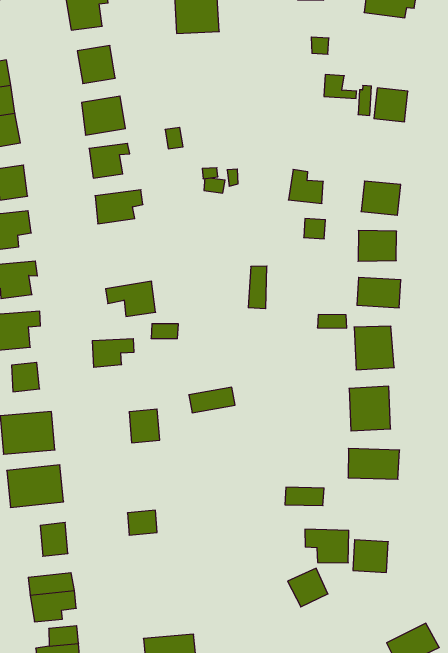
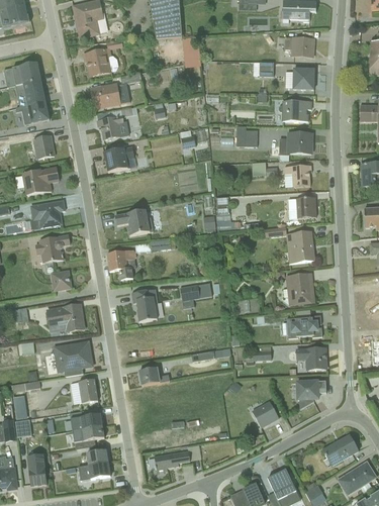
building: none -> [286,36,316,56]
building: none -> [284,99,312,120]
building: [305,529,349,563] -> [297,346,328,370]

